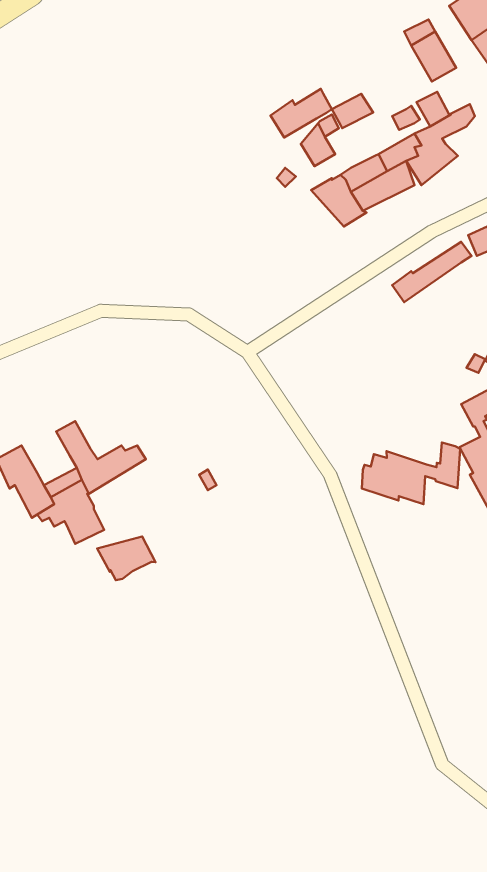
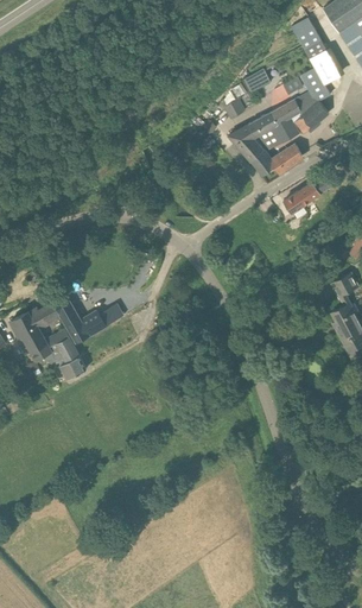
building: [271,89,332,137] -> none
building: none -> [250,145,303,175]
building: none -> [28,302,62,330]
building: [362,443,460,504] -> none
building: [97,536,155,580] -> none

